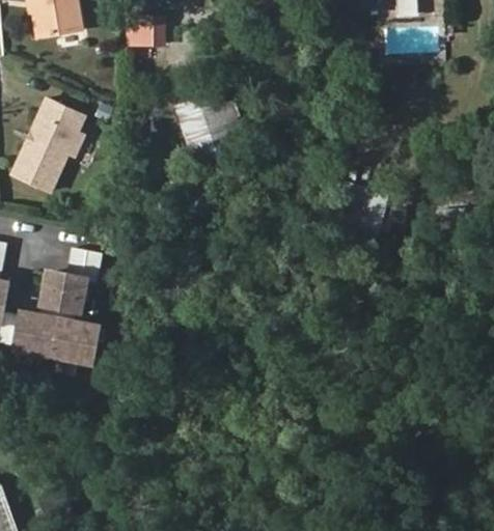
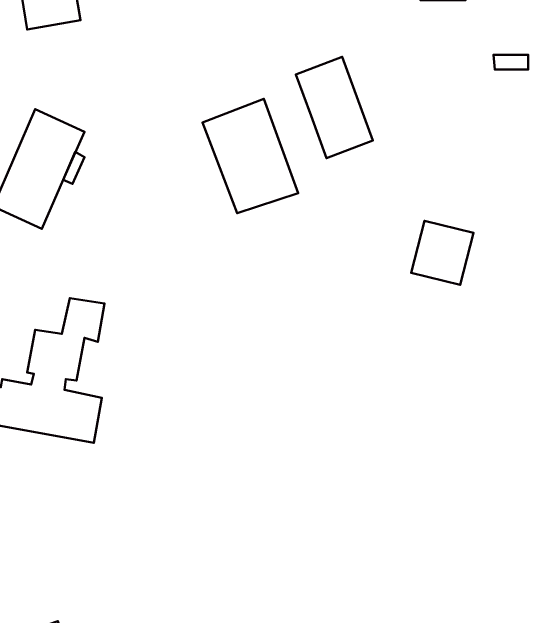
building: [127,18,164,51] -> none
building: none -> [296,57,373,158]

